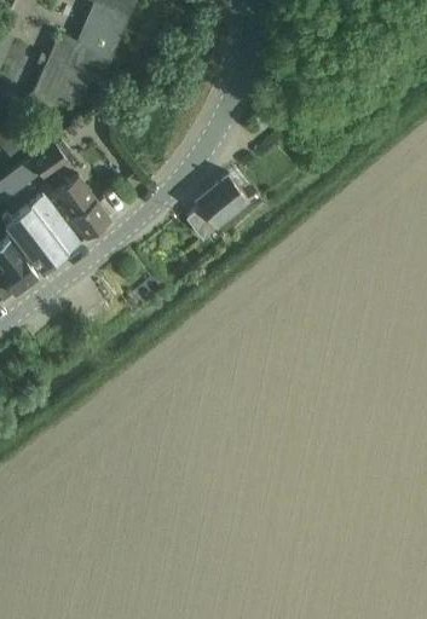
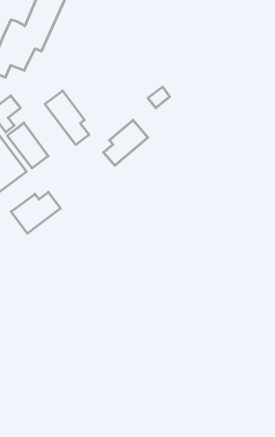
building: none -> [45,91,89,145]
building: none -> [11,192,60,233]

